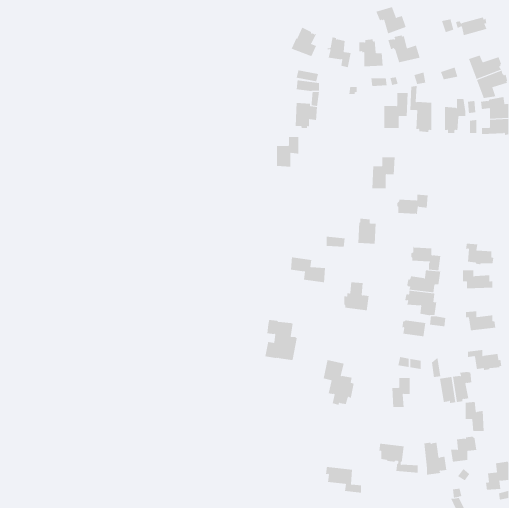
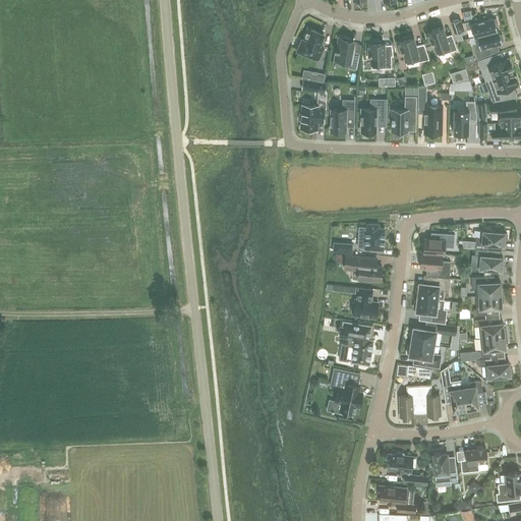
building: [376,6,406,34] -> [425,28,457,57]
building: none -> [473,31,504,60]
building: [276,136,299,167] -> [331,101,354,132]
building: [372,157,396,189] -> [360,100,385,132]
building: [397,194,428,215] -> [422,234,455,255]
building: none -> [475,231,507,250]
building: [290,257,326,283] -> [345,255,382,282]
building: none -> [474,295,504,315]
building: [265,319,297,361] -> [339,323,372,365]
building: none -> [478,336,508,357]
building: none -> [407,342,441,368]
building: [465,402,485,432] -> [419,386,440,416]
building: [325,466,362,493] -> [378,485,415,513]

